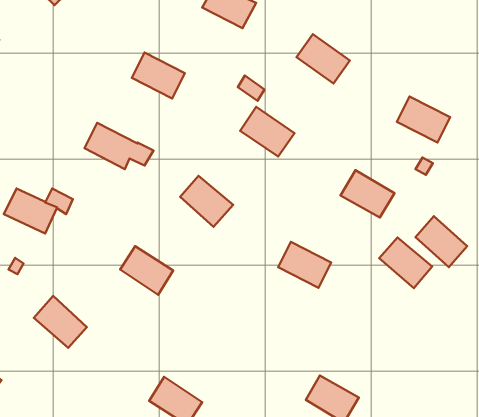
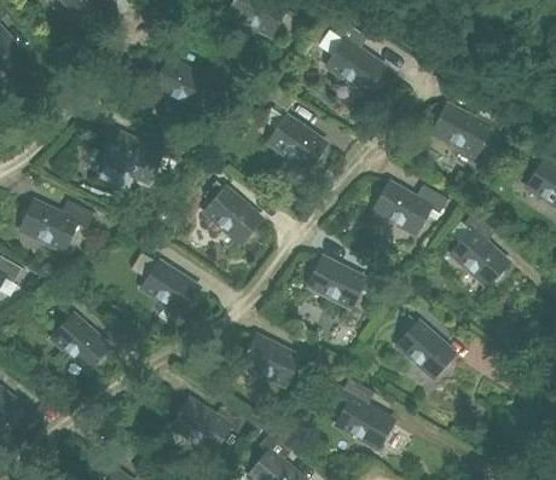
building: [379,238,432,288] -> [399,322,454,375]
building: none -> [244,335,300,383]

